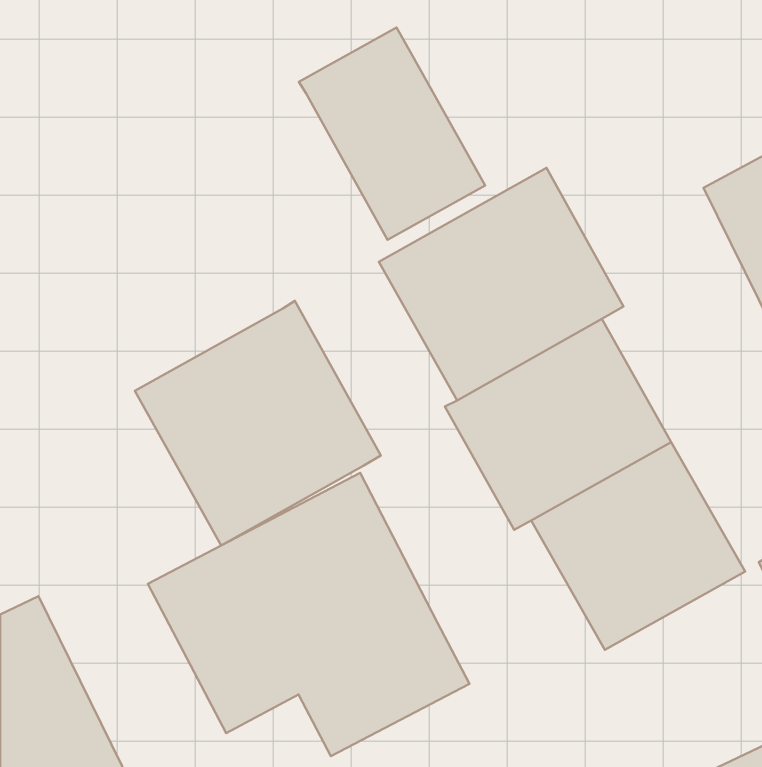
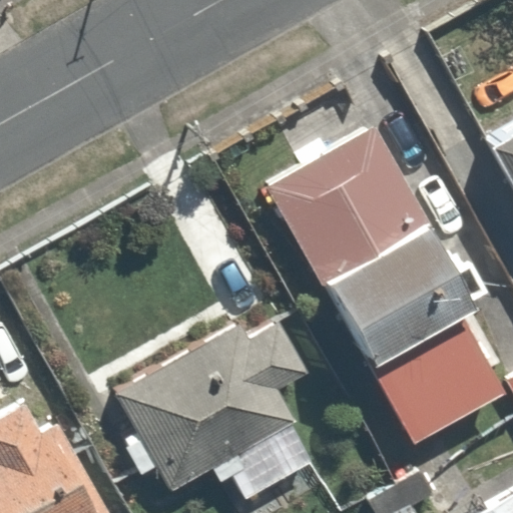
building: [299,28,485,240] -> none
building: [135,301,381,545] -> none

